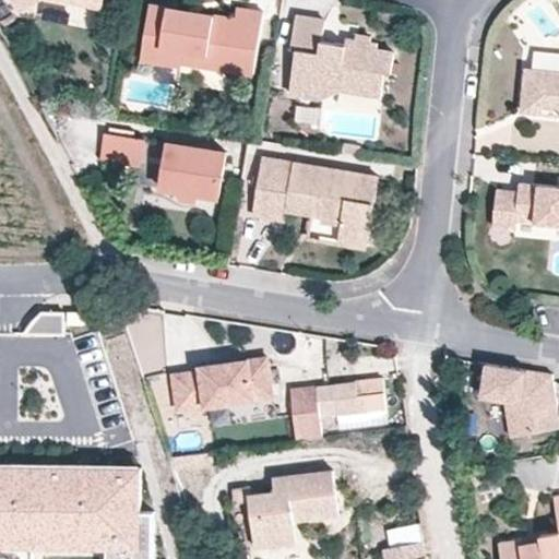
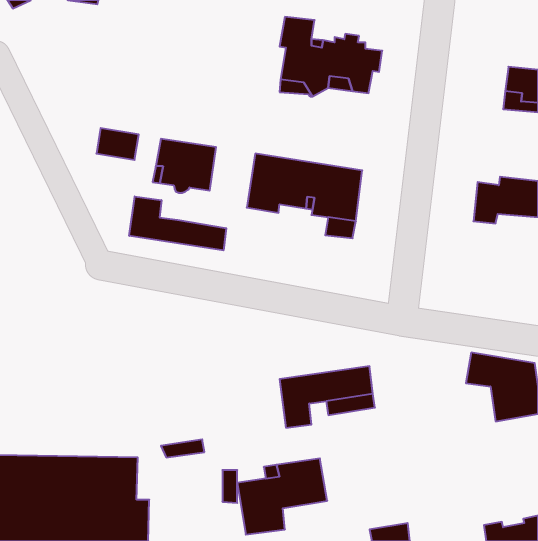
building: [139,4,261,75] -> none
building: none -> [129,196,226,250]
building: [170,358,270,411] -> none

